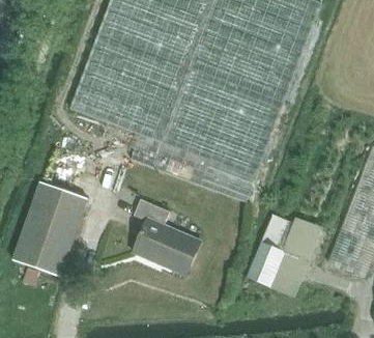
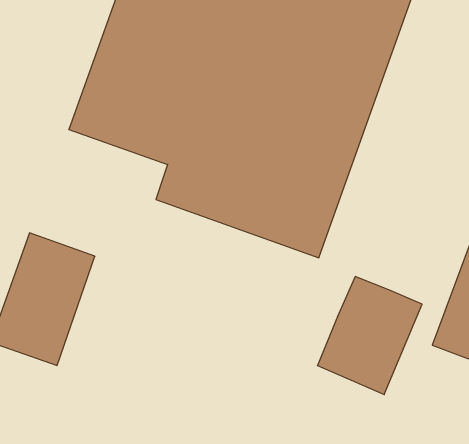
building: [134,199,202,275] -> none

